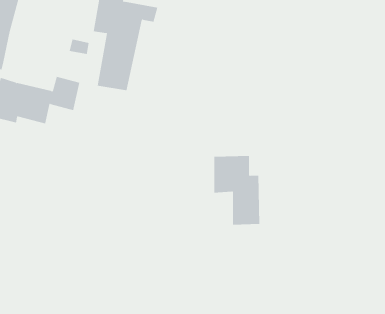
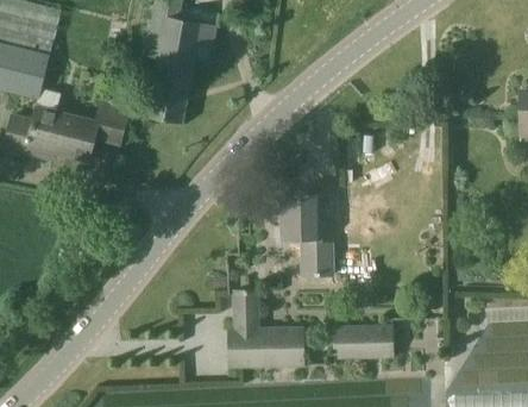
building: none -> [228,290,304,368]
building: none -> [332,326,394,358]

